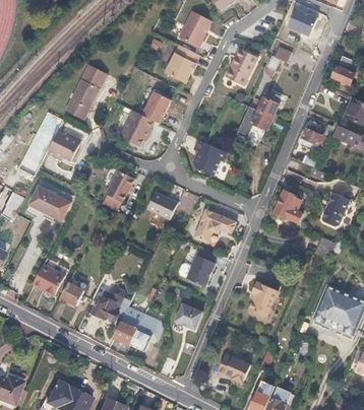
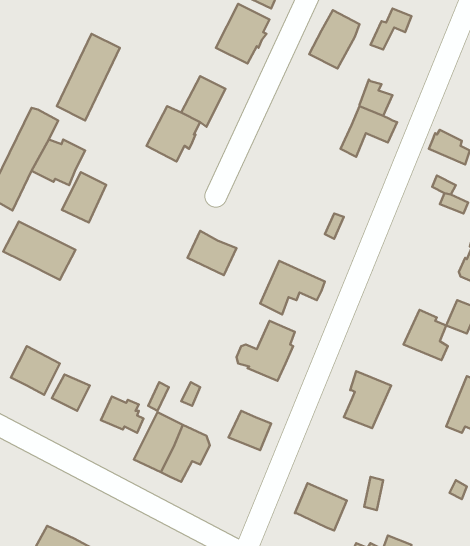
building: [192,139,228,175] -> none
building: [104,168,132,201] -> [62,172,106,223]
building: [275,190,303,222] -> [404,310,448,360]

